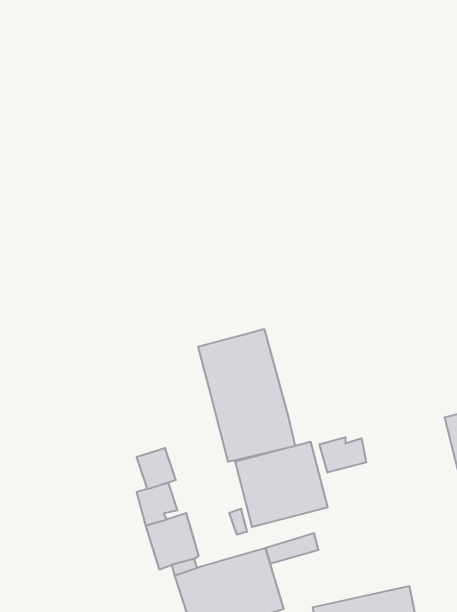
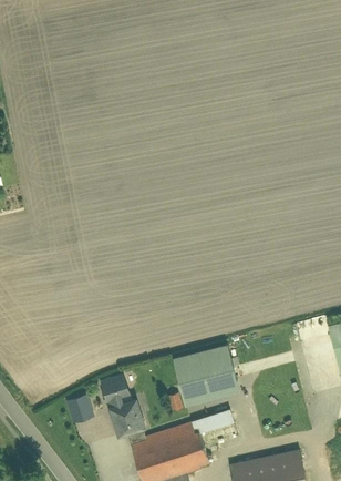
building: [198,329,295,462] -> none
building: [320,437,366,473] -> none
building: [136,448,176,489] -> [65,392,94,422]

